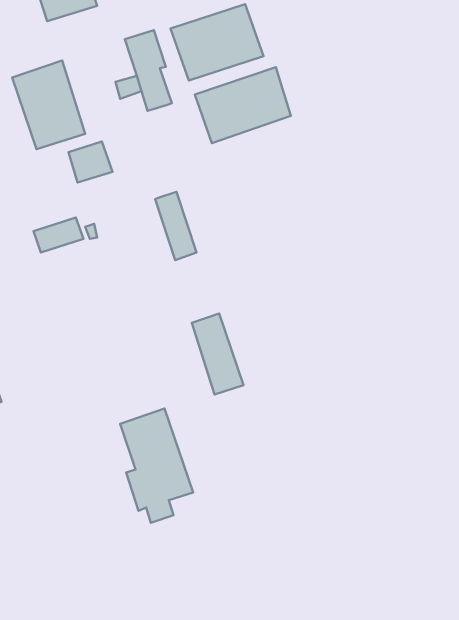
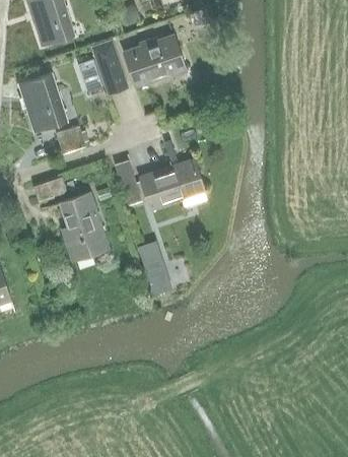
building: [195,67,291,143] -> [140,158,204,209]
building: [120,409,193,523] -> [60,192,109,268]

